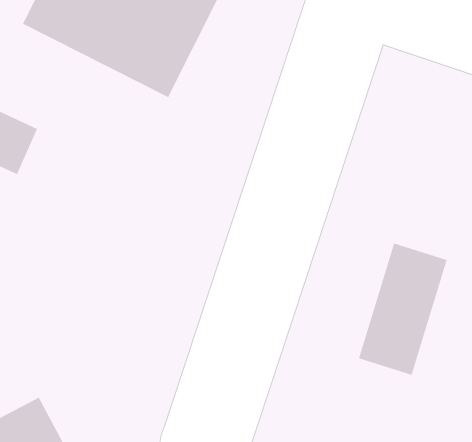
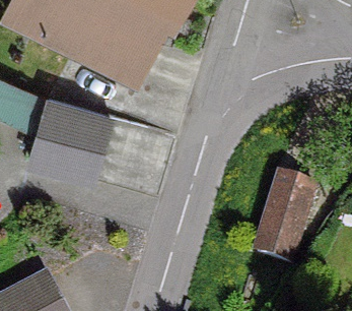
building: none -> [29,101,110,180]

